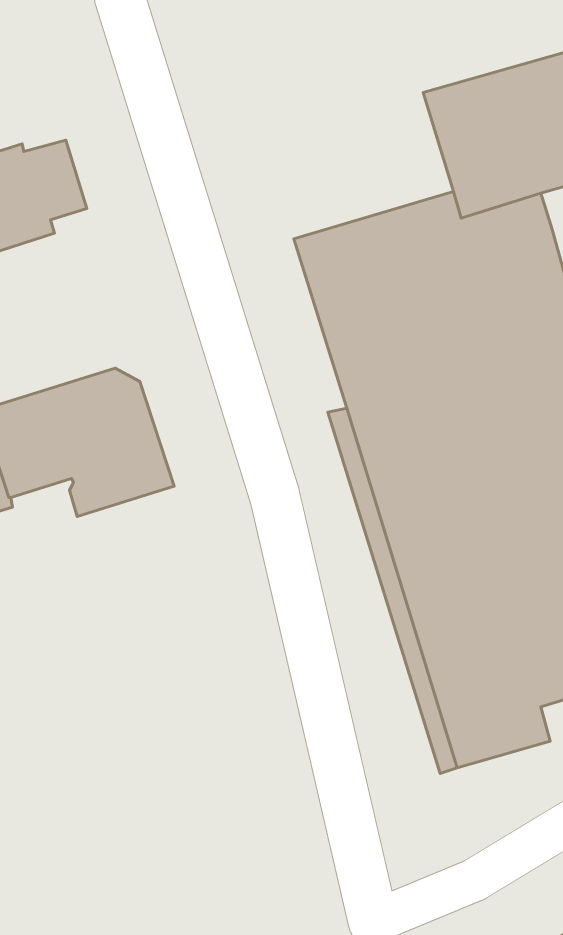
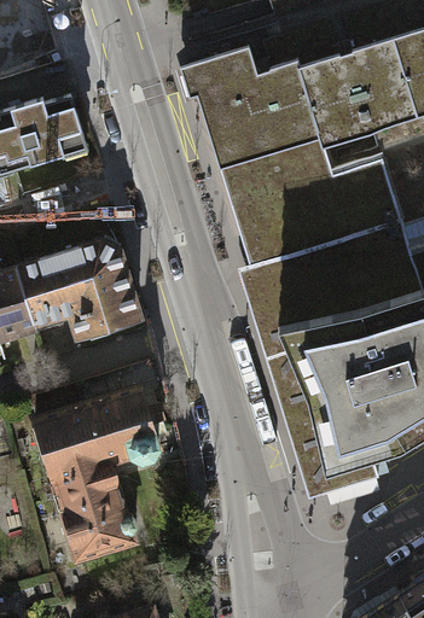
building: none -> [188,47,318,161]
building: none -> [35,387,165,559]

